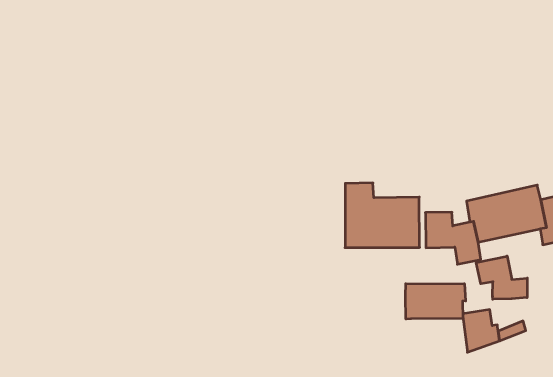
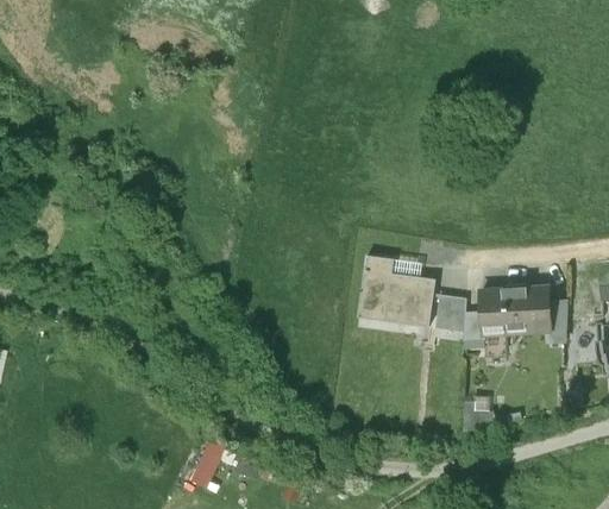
building: [476,256,527,299] -> none
building: [405,284,466,319] -> none

